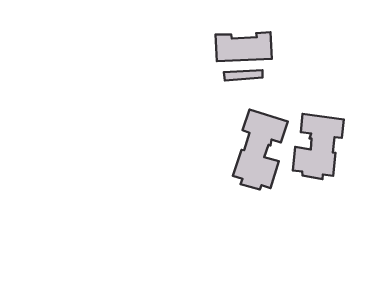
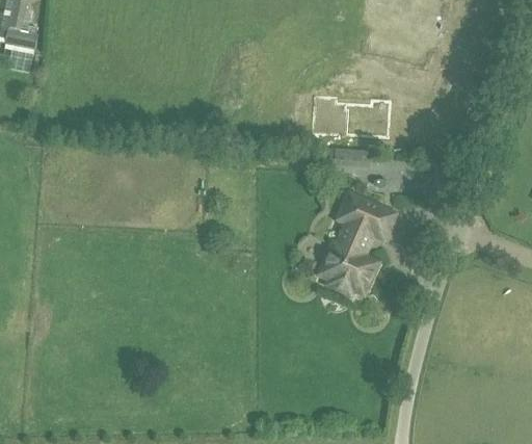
building: [293,114,344,179] -> none

